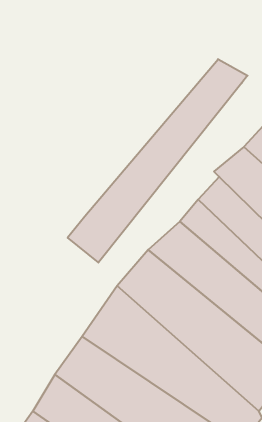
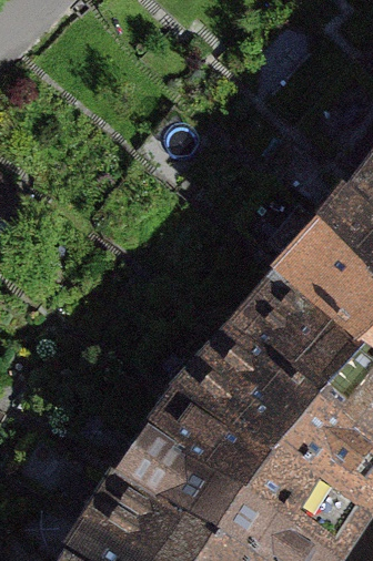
building: [68,59,248,263] -> none

